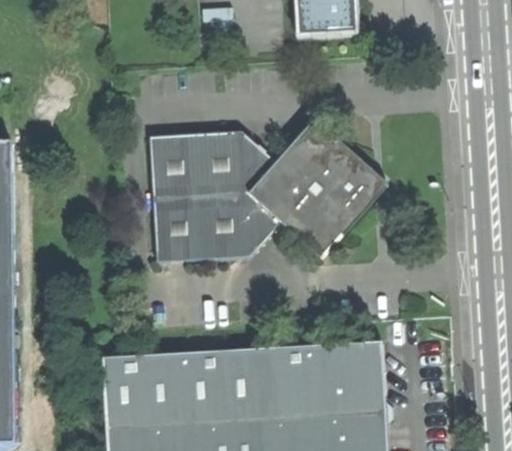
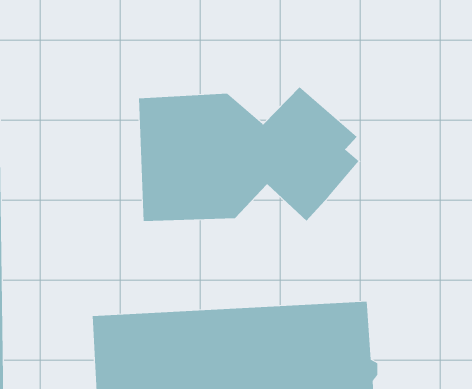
building: [334,141,389,239] -> none

